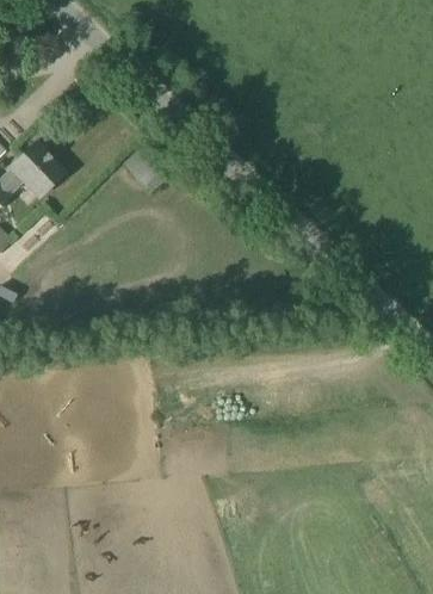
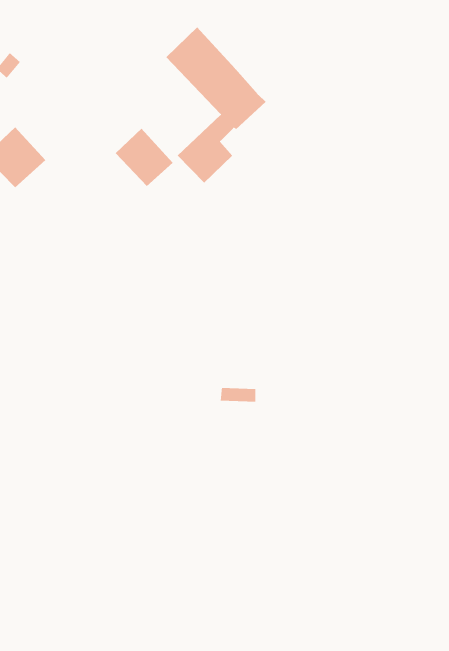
building: none -> [165,26,267,184]

